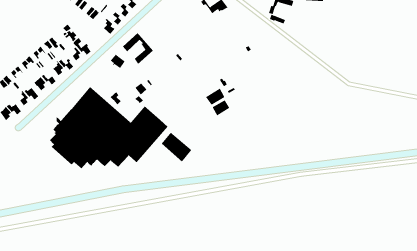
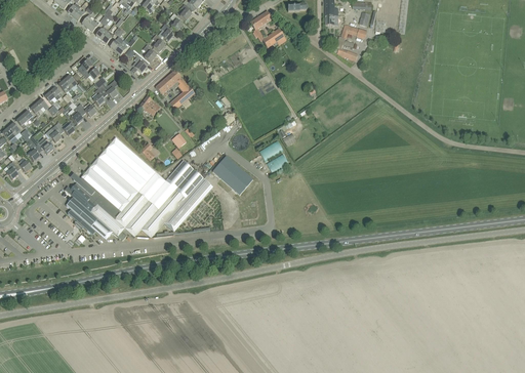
building: [161,132,192,163] -> [212,156,251,194]

